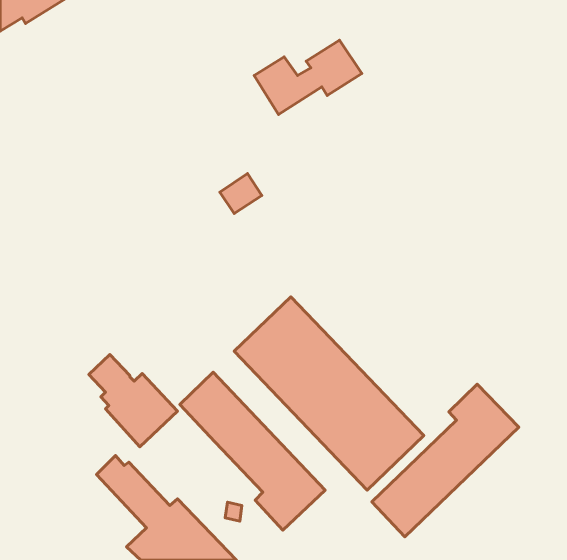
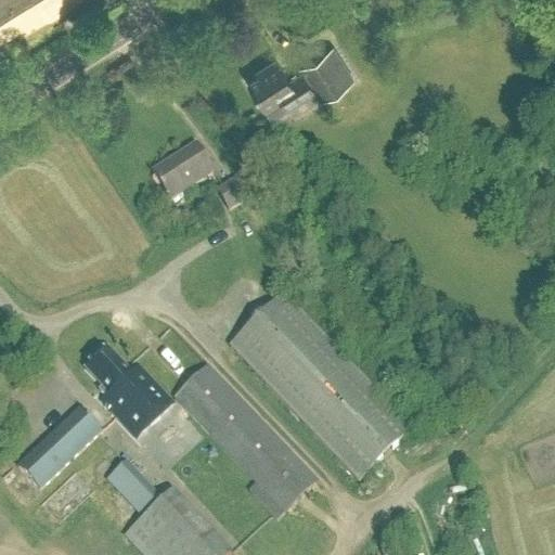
building: none -> [153,142,214,196]
building: [372,384,519,537] -> none
building: none -> [17,404,101,488]

